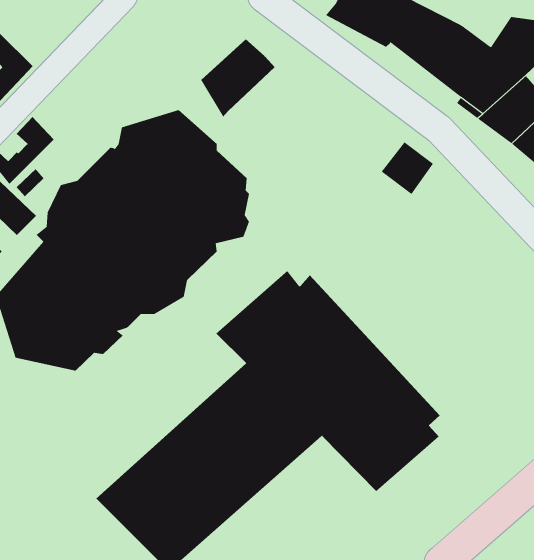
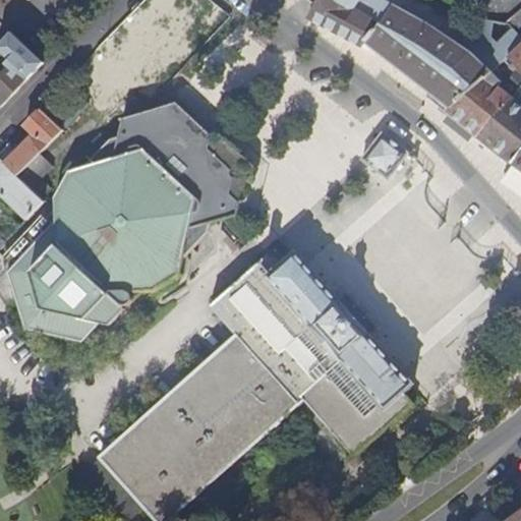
building: [200,39,276,117] -> none

